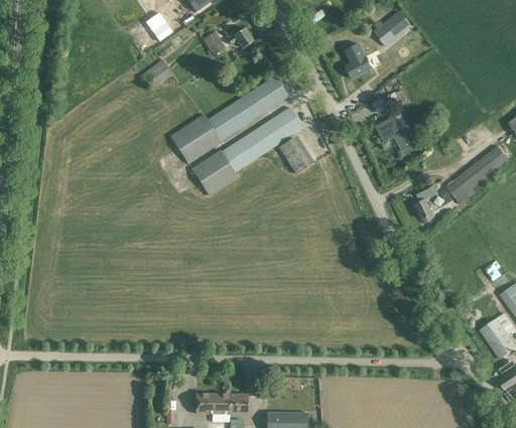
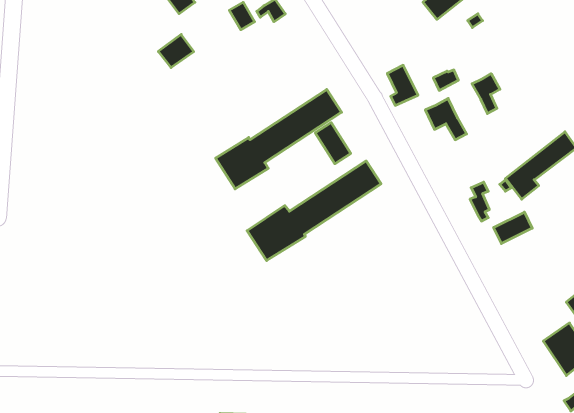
building: [345,42,372,78] -> [387,65,418,105]
building: [170,75,288,162] -> [247,161,381,261]
building: none -> [472,74,500,114]
building: none -> [494,212,532,244]

